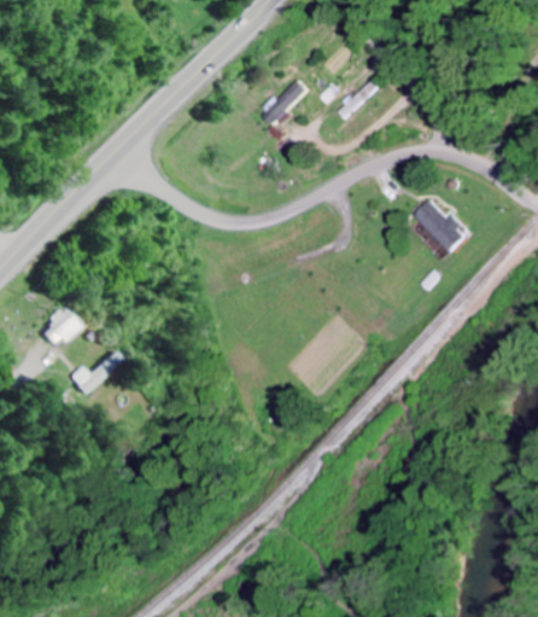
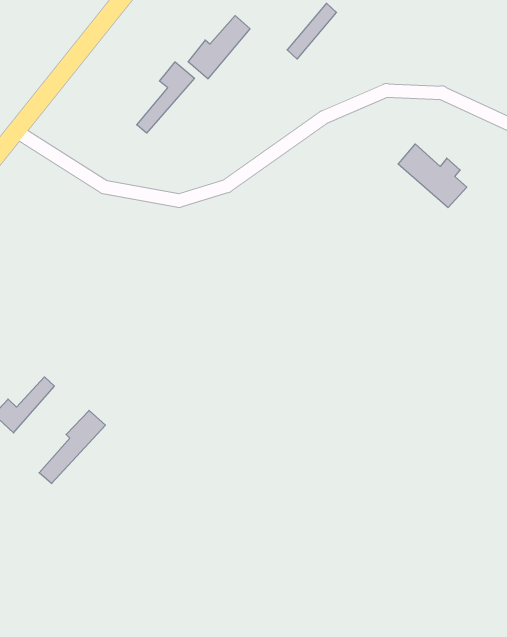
building: none -> [137,62,194,133]
building: none -> [39,410,105,484]

